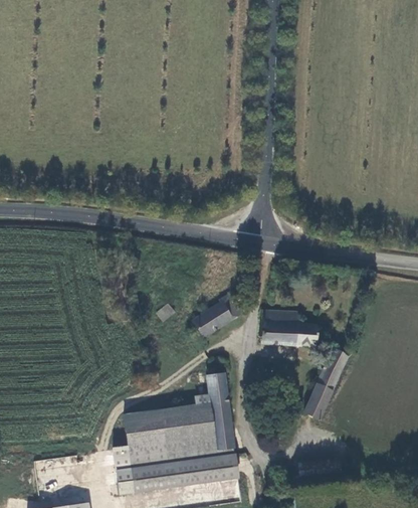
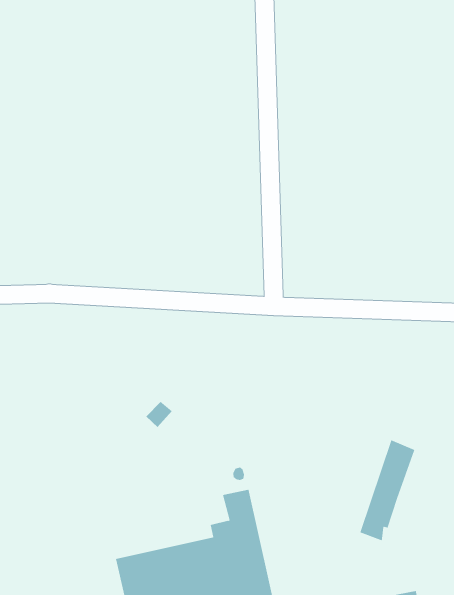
building: [189,294,241,341] -> none
building: [259,310,318,348] -> none

